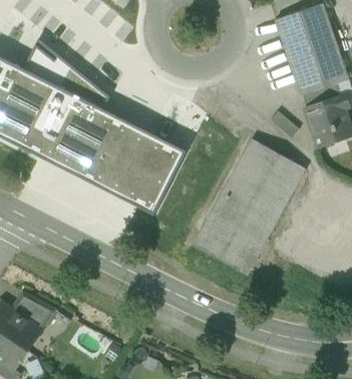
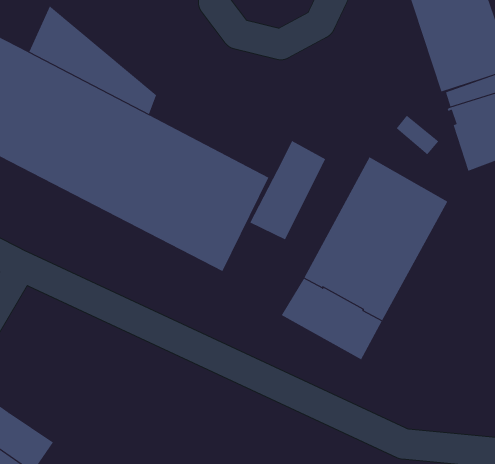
building: none -> [249,140,326,240]
building: [11,292,56,330] -> none

